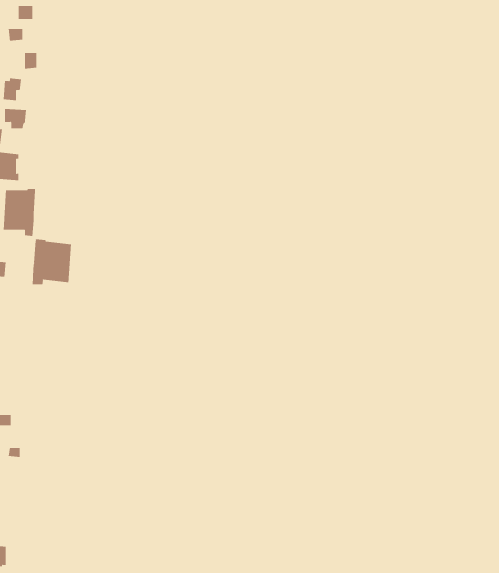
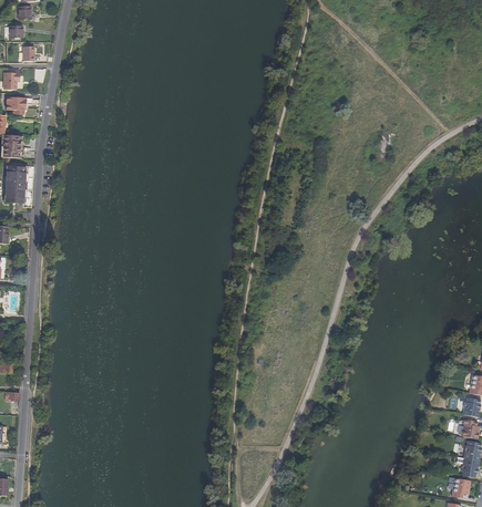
building: [32,238,71,285] -> none

